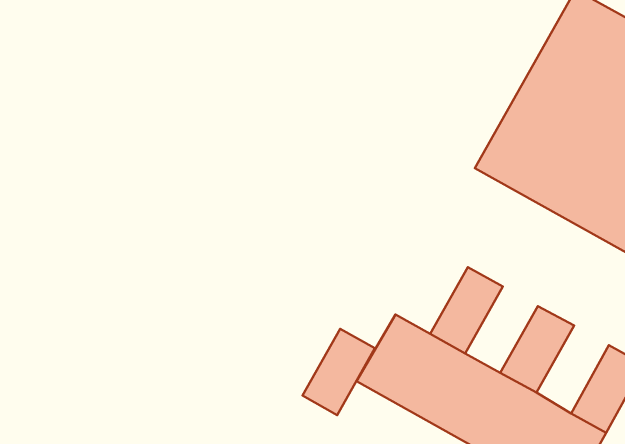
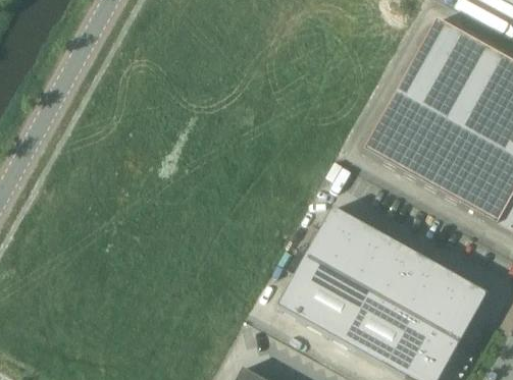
building: none -> [357,235,410,298]
building: none -> [409,264,462,328]
building: [302,329,375,415] -> [306,207,359,270]

